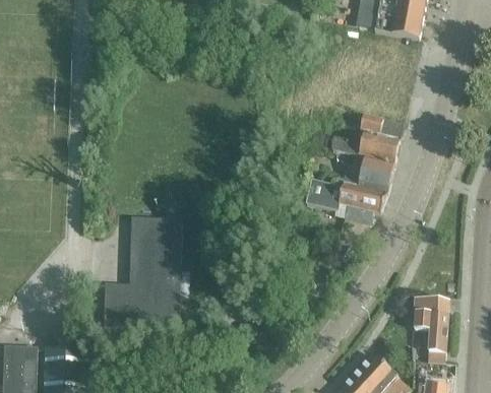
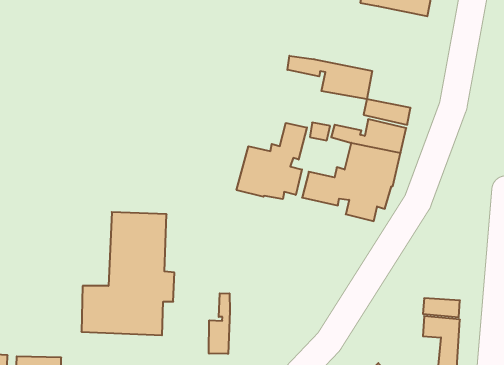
building: none -> [287,56,372,99]
building: none -> [237,123,307,199]
building: none -> [209,293,230,354]

